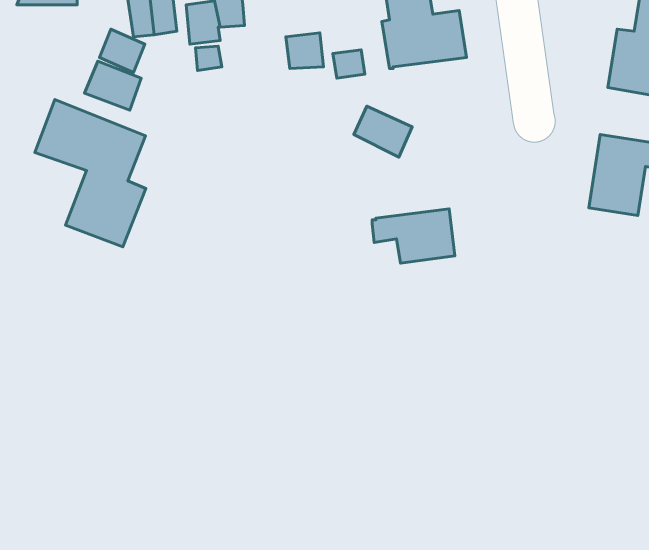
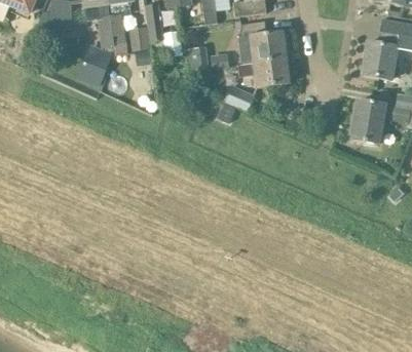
building: [35,99,146,247] -> none
building: [372,209,455,263] -> [242,56,288,86]

